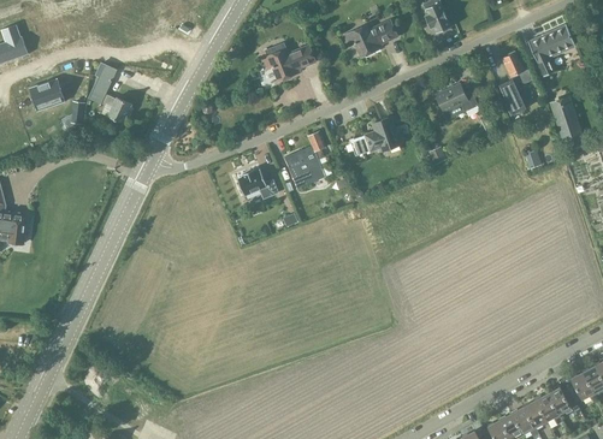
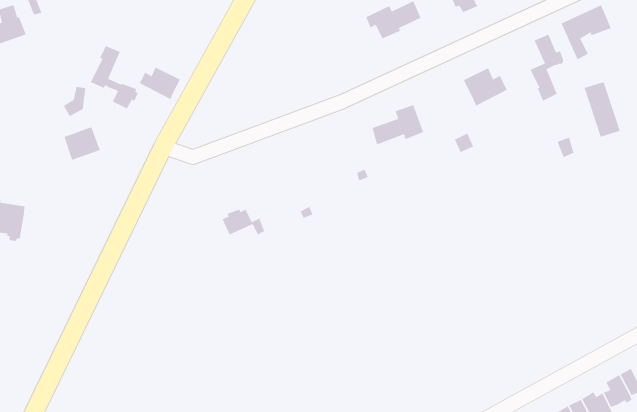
building: [261,42,317,83] -> none
building: [30,78,65,111] -> [64,126,101,161]
building: none -> [139,66,181,100]
building: [285,131,326,188] -> none
building: [237,170,278,195] -> [221,208,265,235]

